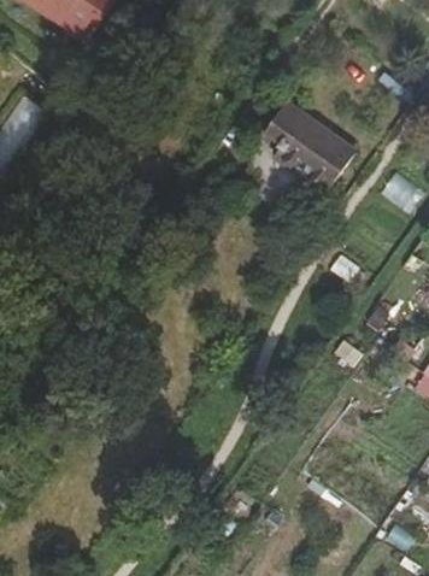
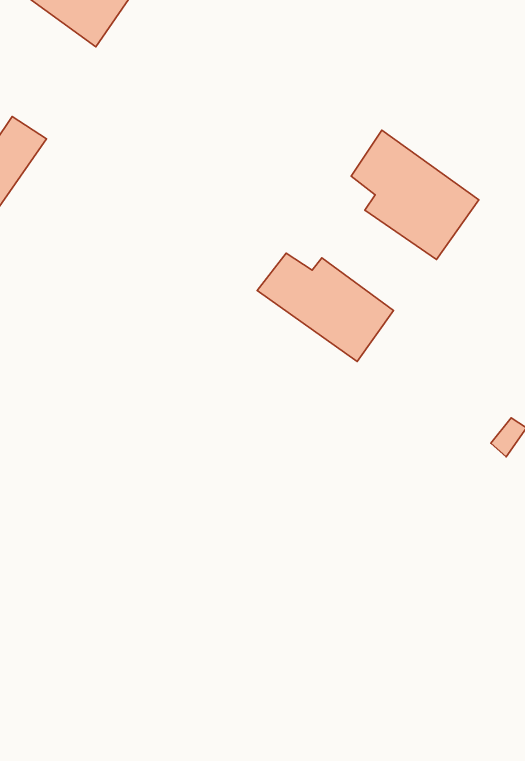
building: none -> [257,253,394,361]

